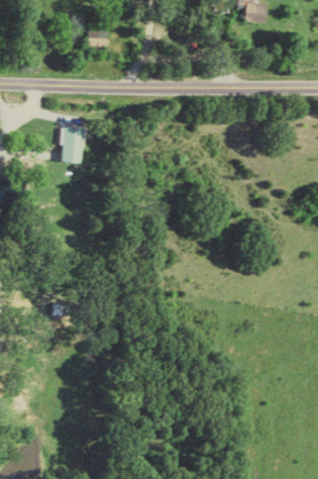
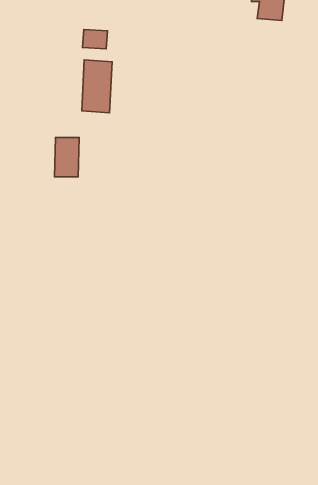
building: none -> [82,60,112,113]

